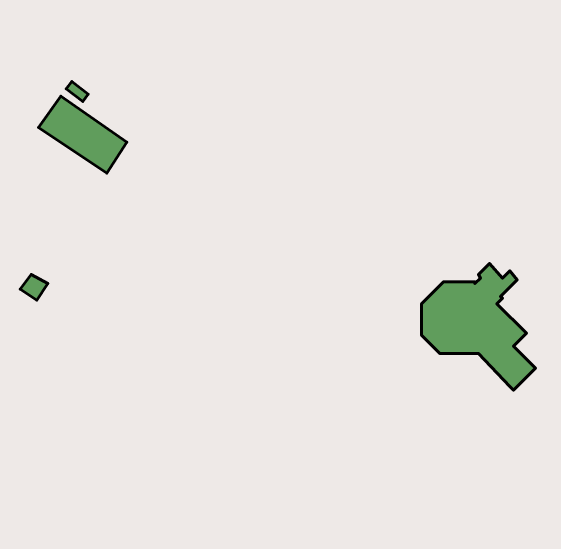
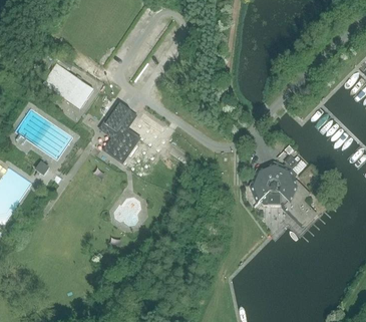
building: none -> [98,101,141,165]

